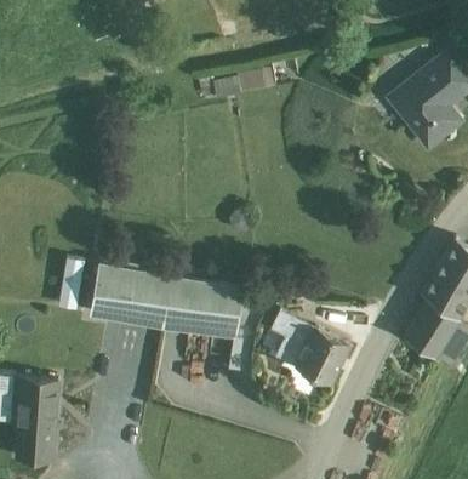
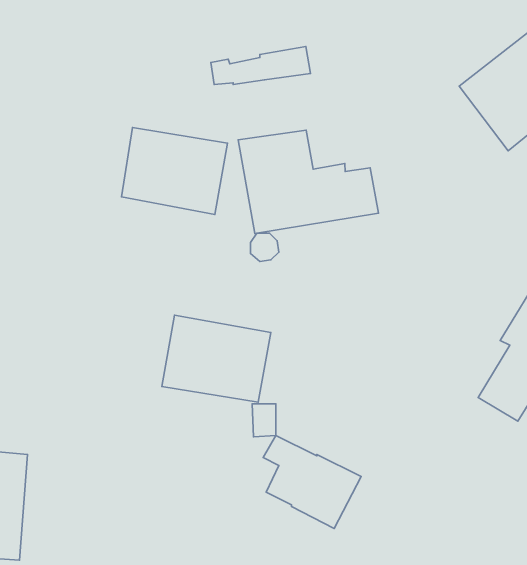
building: none -> [238,130,379,233]
building: [90,262,171,329] -> [122,127,227,214]
building: [274,313,349,384] -> [263,435,361,529]

